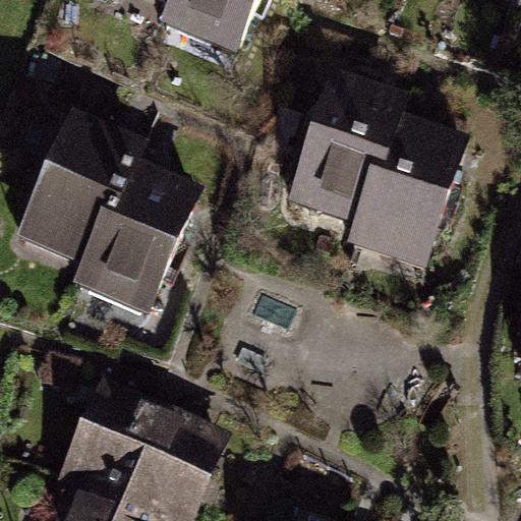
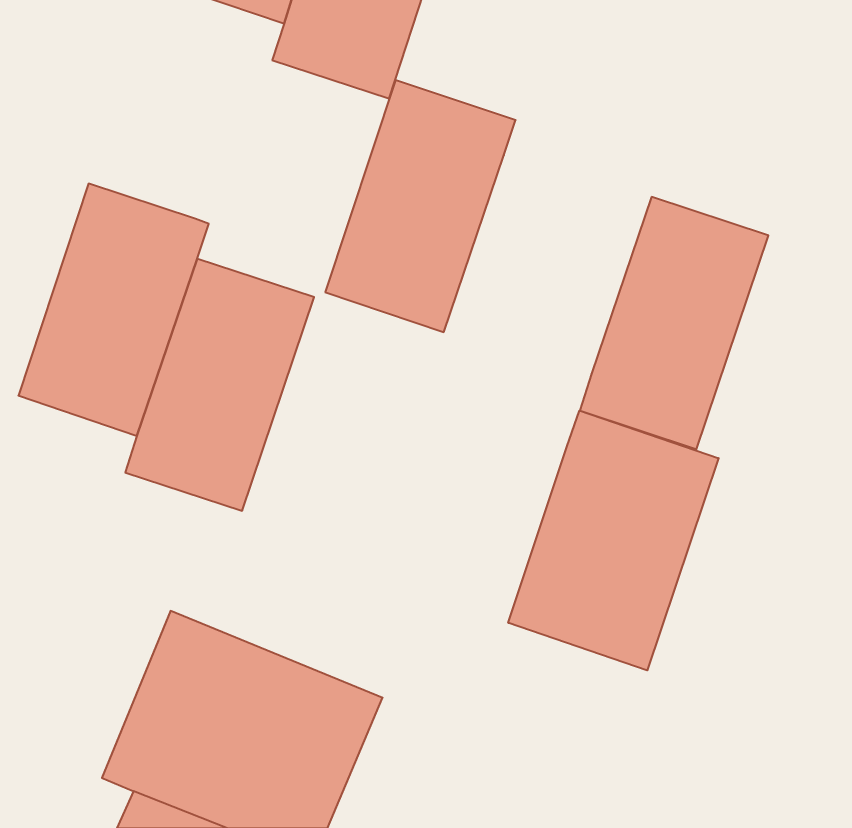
building: [288,74,404,228] -> [325,80,516,332]
building: none -> [508,411,719,670]

